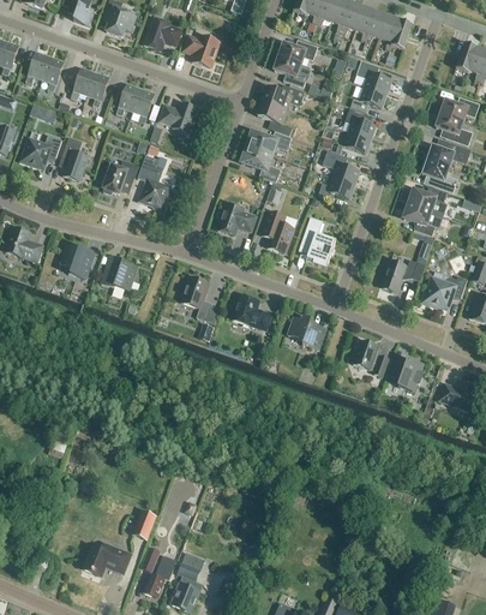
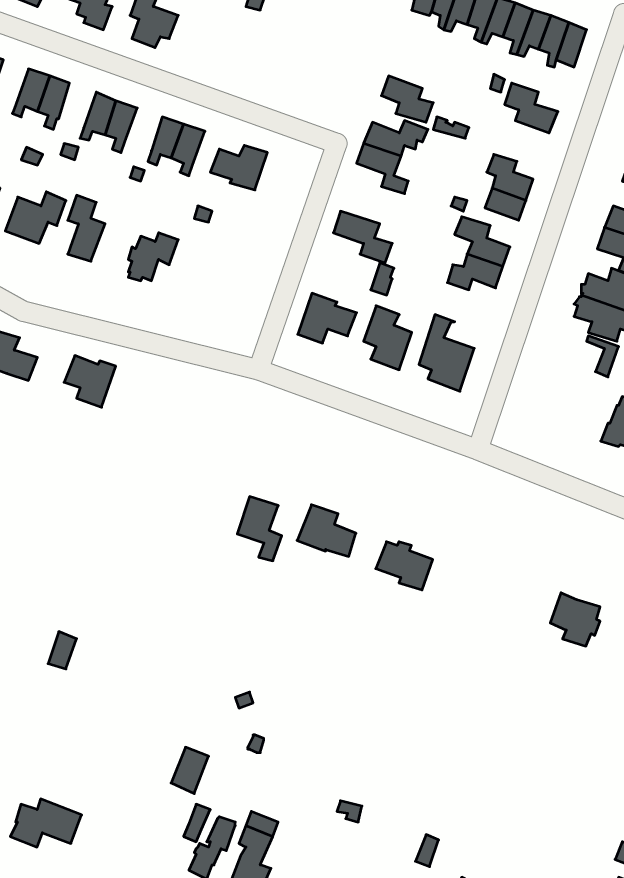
building: [143,17,181,49] -> none
building: [184,34,220,67] -> none
building: [278,38,318,64] -> none
building: [349,85,386,112] -> none
building: [246,131,292,155] -> none
building: [137,154,169,210] -> none
building: [101,255,138,294] -> none
building: [382,258,425,291] -> none
building: [181,276,211,320] -> [237,497,282,561]
building: [232,294,271,329] -> [297,505,356,556]
building: [287,316,325,348] -> [376,542,433,590]
building: [353,340,389,376] -> none
building: [389,354,422,390] -> [550,593,600,646]
building: [83,542,131,574] -> [10,799,82,847]

